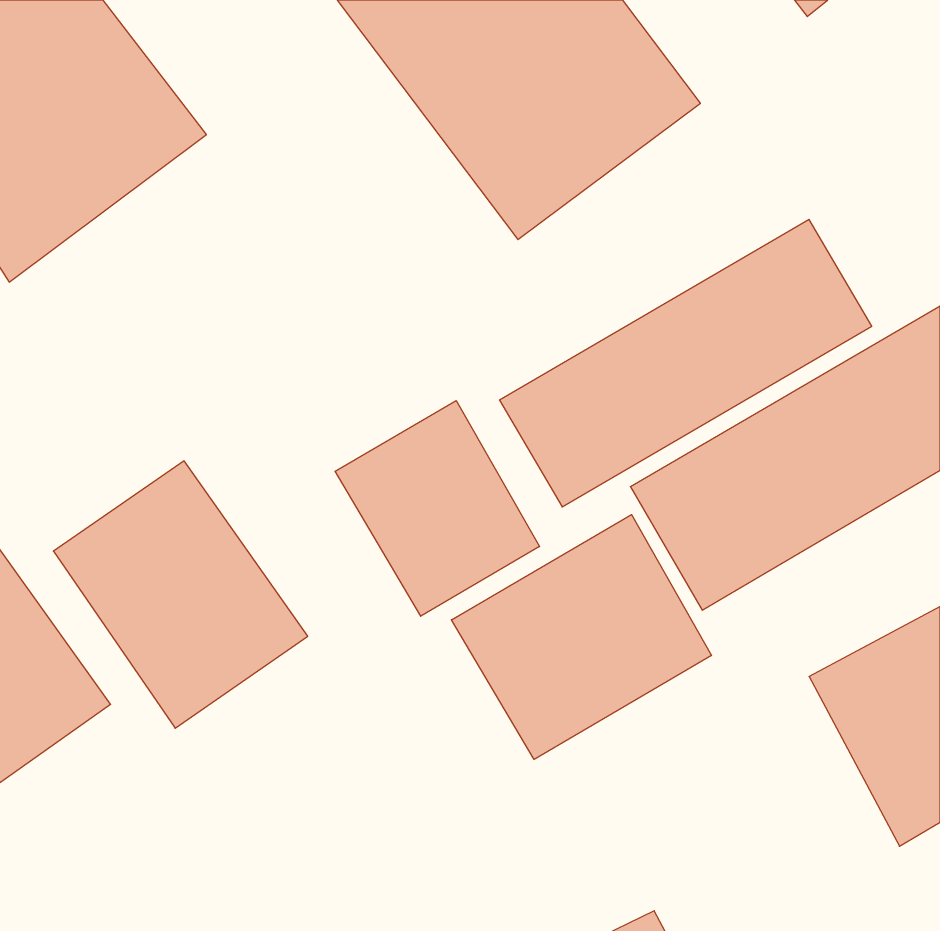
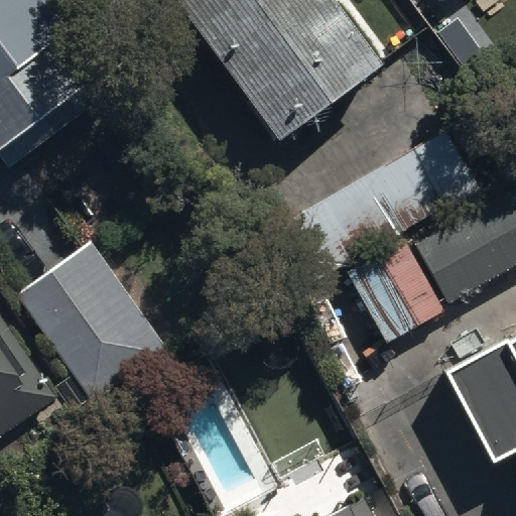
building: [335,401,540,616] -> none
building: [451,515,711,759] -> none

